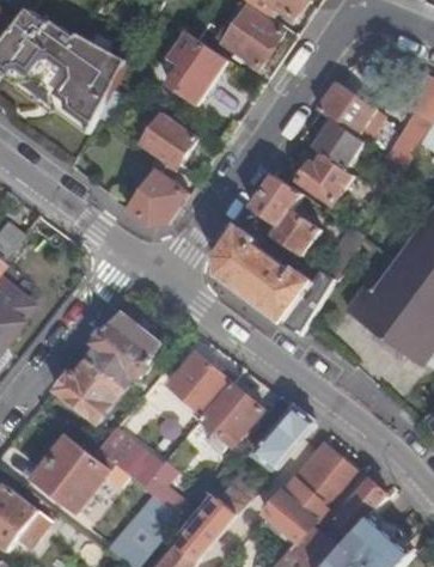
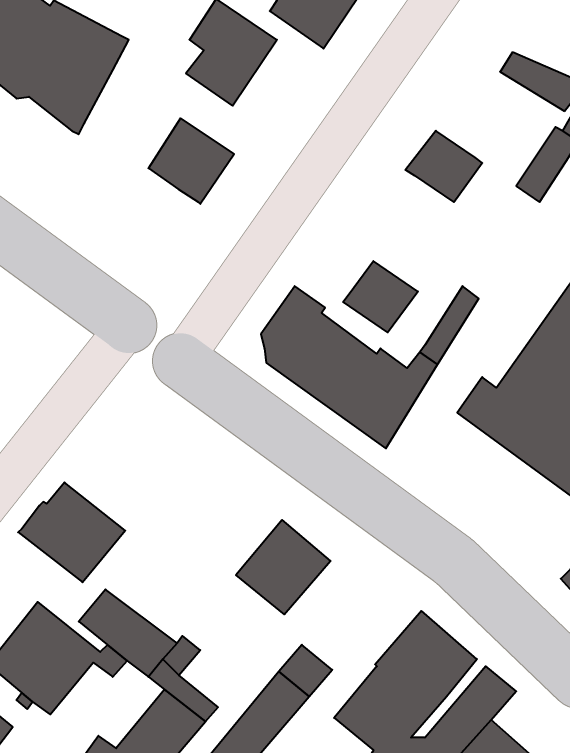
building: [316,81,377,139] -> none
building: [298,151,353,205] -> none
building: [128,160,188,224] -> none
building: [250,173,301,226] -> none
building: [84,311,160,389] -> none
building: [167,353,230,420] -> none
building: [253,406,314,469] -> none

